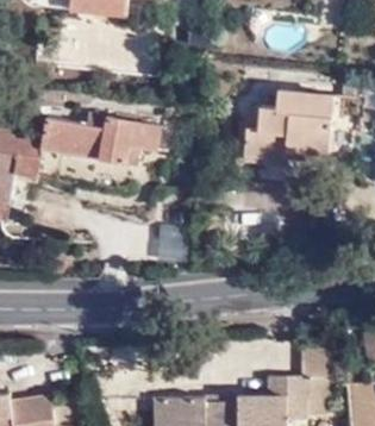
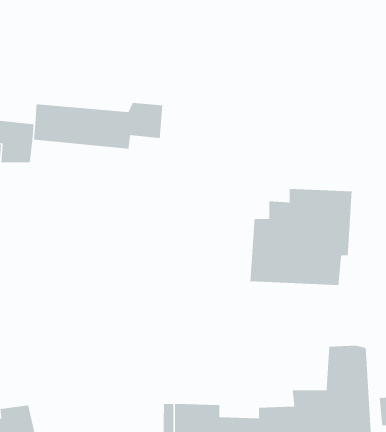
building: [242,90,332,176] -> [250,188,353,286]

